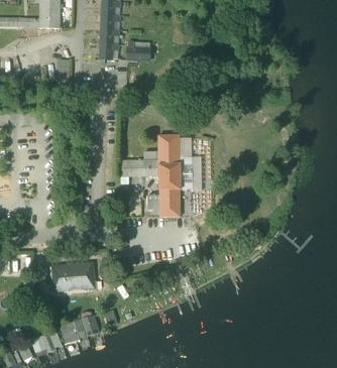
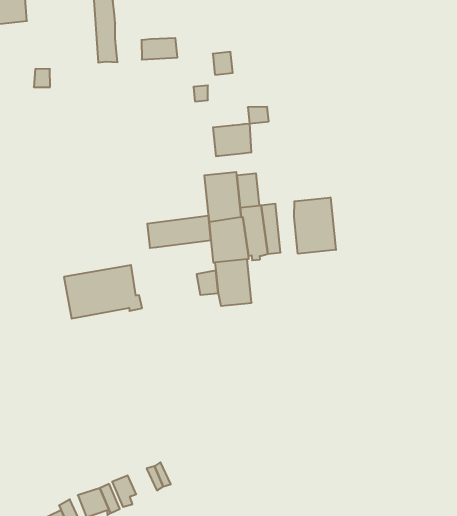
building: none -> [213,123,251,156]
building: none -> [294,197,336,254]
building: [50,262,97,291] -> [64,265,142,319]

